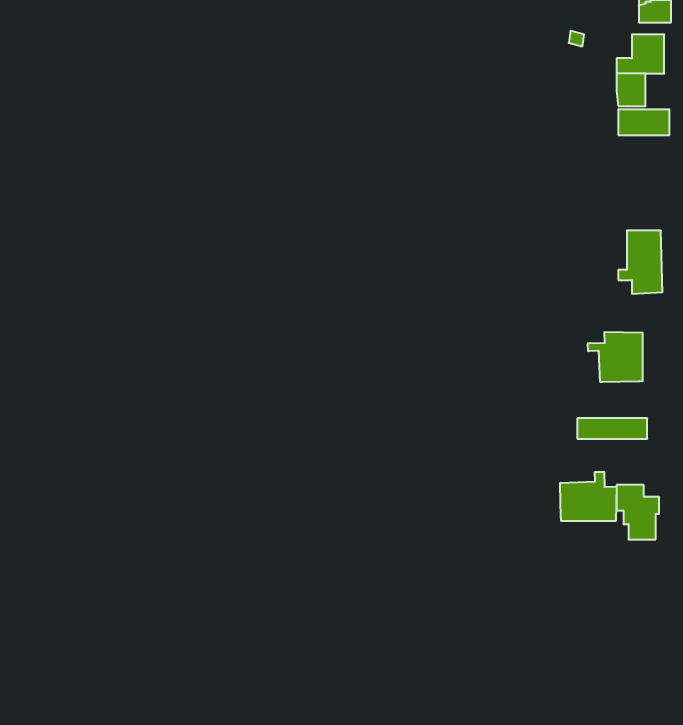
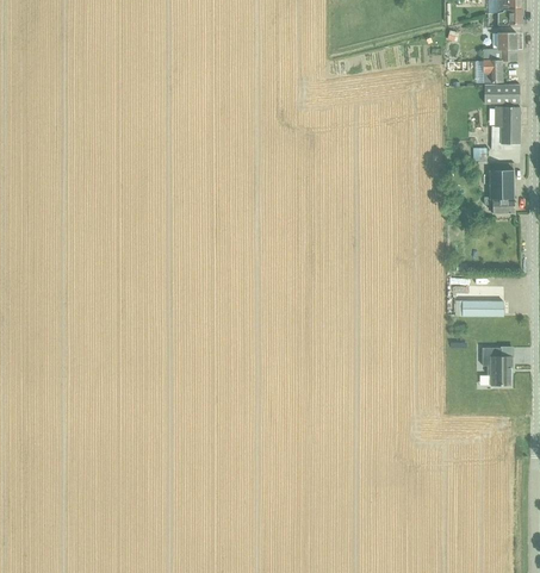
building: none -> [494,105,522,142]
building: [588,332,643,382] -> none
building: [560,472,617,521] -> none

